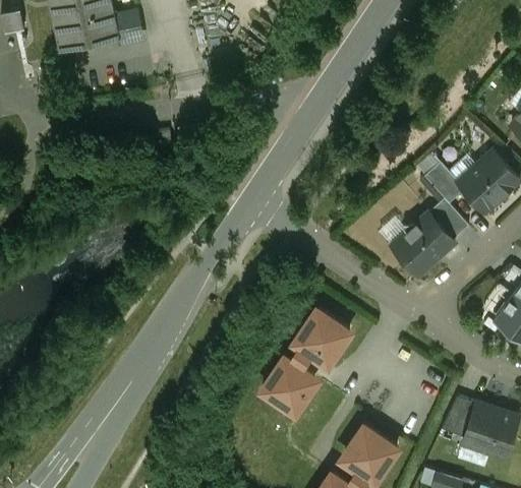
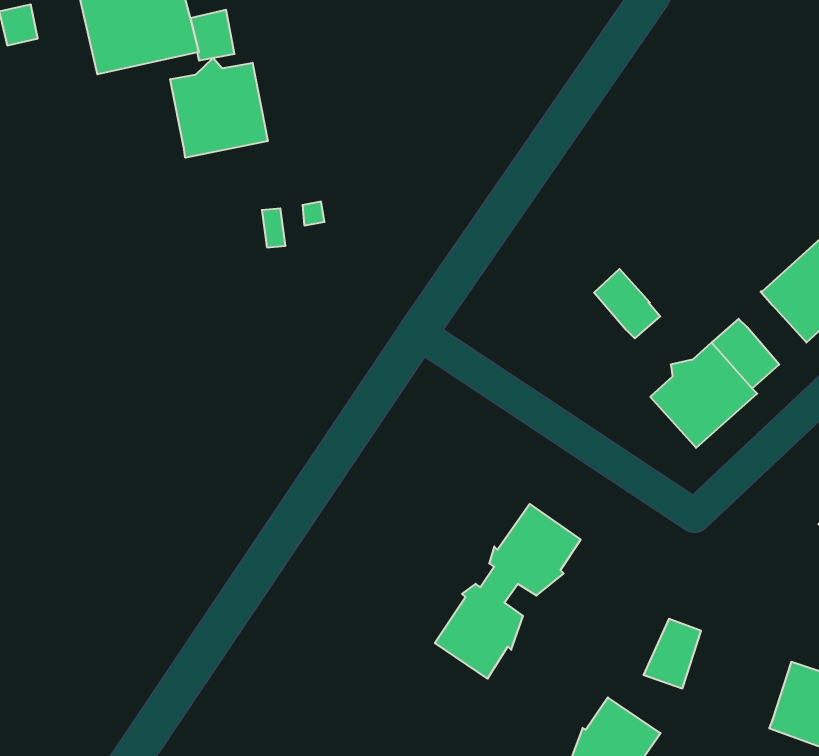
building: none -> [170,58,268,158]
building: [424,162,464,203] -> [594,269,660,338]
building: [441,396,475,438] -> [643,619,701,688]

